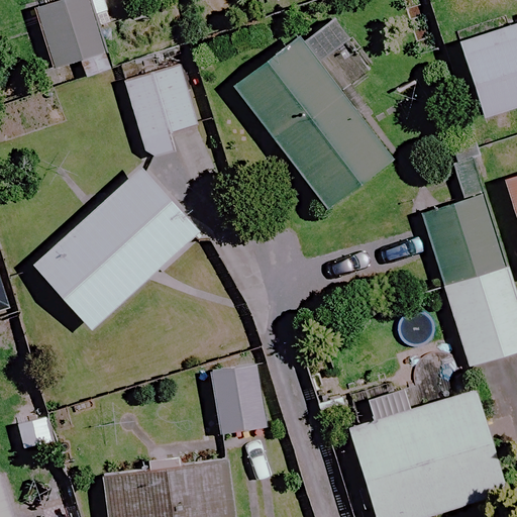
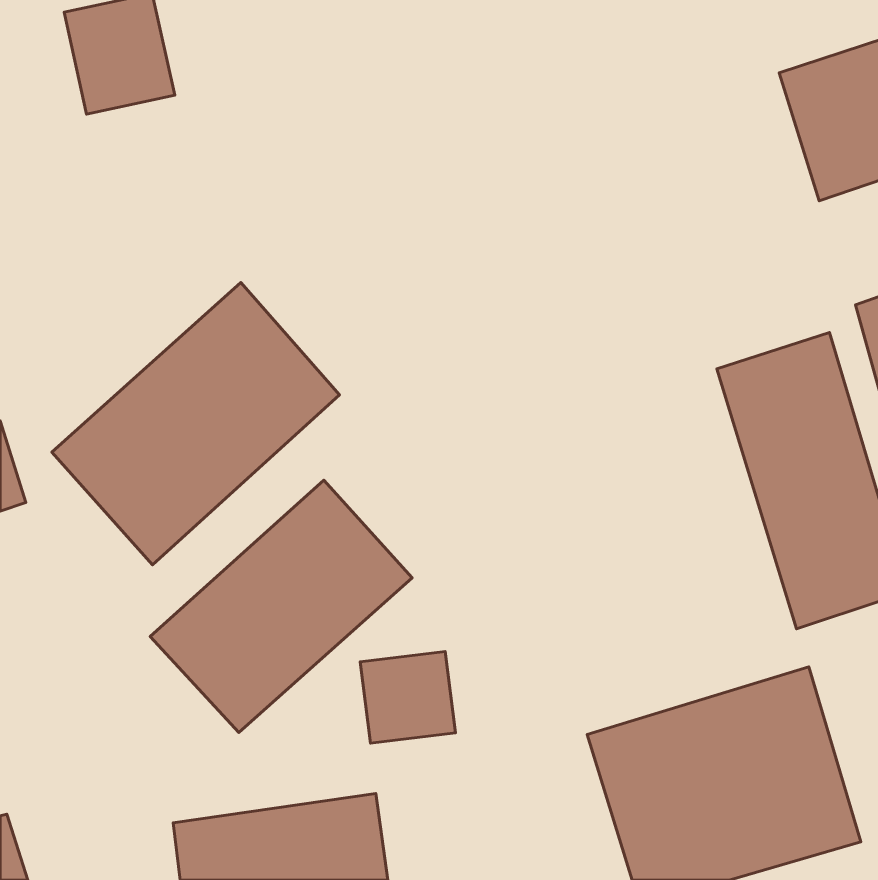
building: [238,39,392,206] -> none
building: [126,61,199,157] -> none
building: none -> [150,480,412,732]

